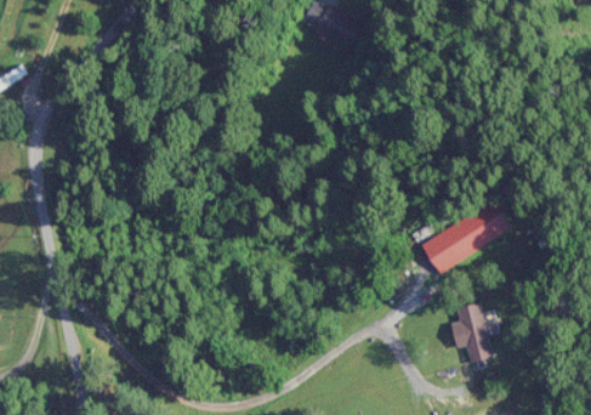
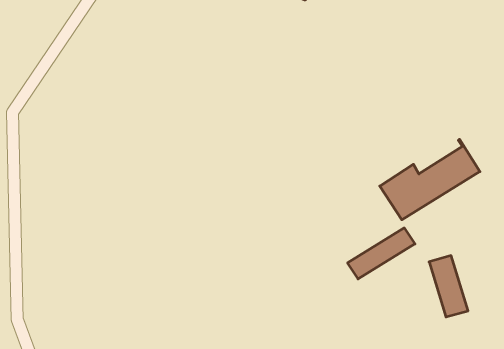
building: none -> [348,228,415,279]

